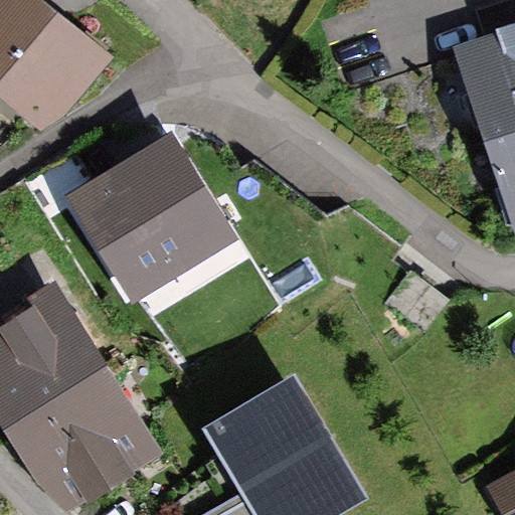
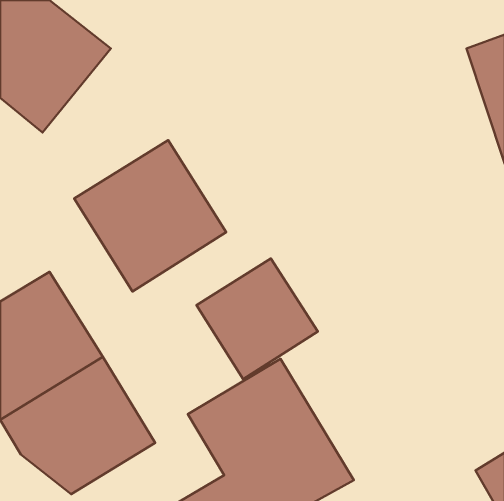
building: none -> [196,258,318,379]

